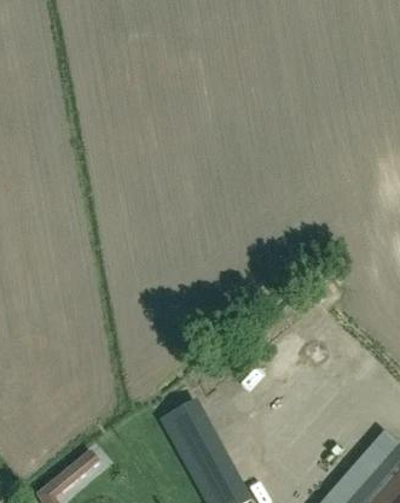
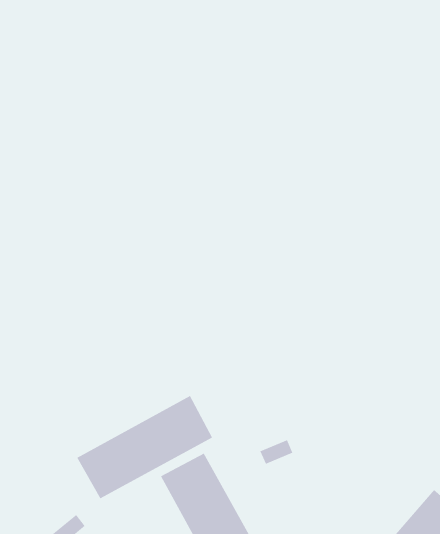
building: none -> [77,395,213,499]

